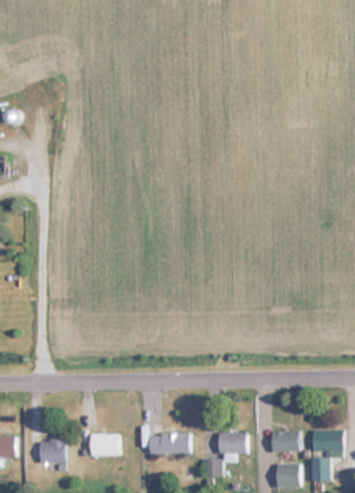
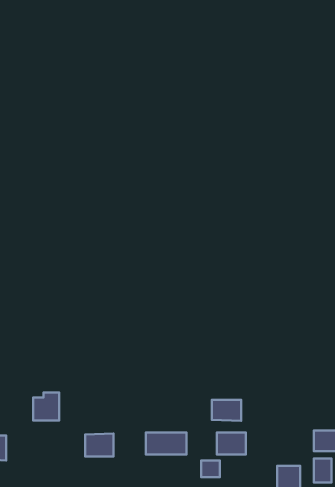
building: none -> [212,400,241,421]
building: [271,431,299,452] -> none
building: [40,435,66,463] -> [33,392,59,421]

